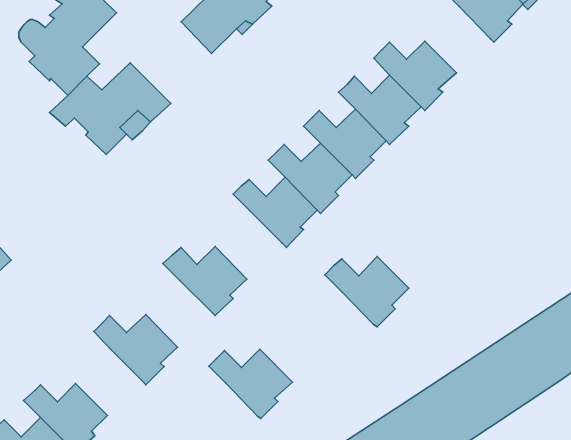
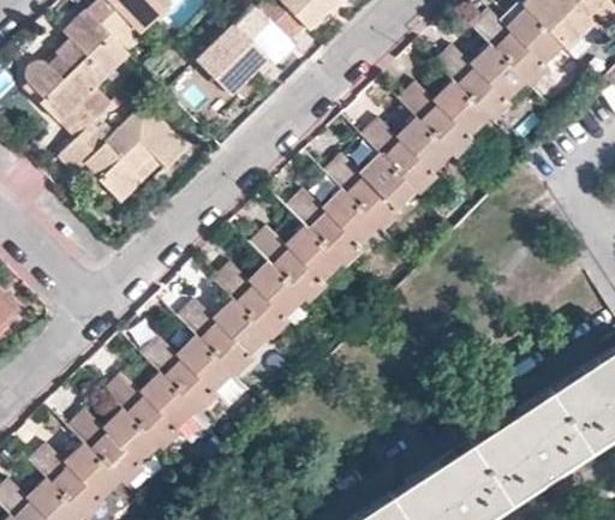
building: none -> [437,46,525,120]
building: [325,257,409,327] -> [215,263,304,337]
building: [209,349,293,418] -> [142,336,231,410]
building: none -> [67,410,156,483]

